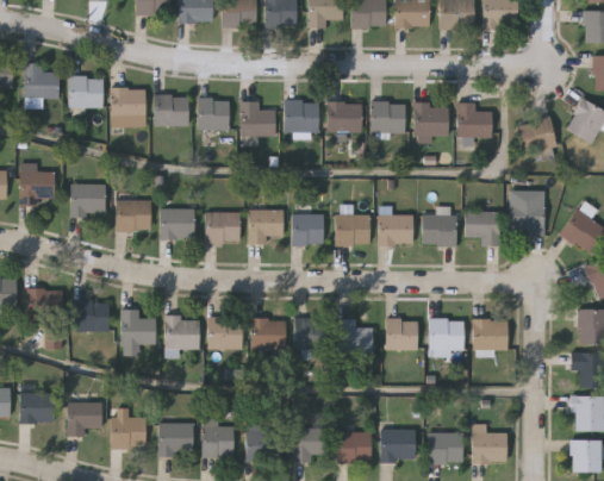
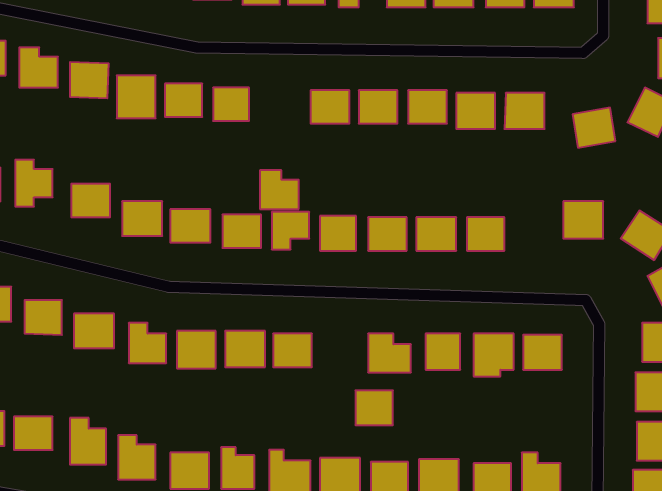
building: [241,101,275,136] -> [260,170,299,209]
building: [466,211,500,244] -> none
building: [294,318,328,349] -> [355,390,393,425]

